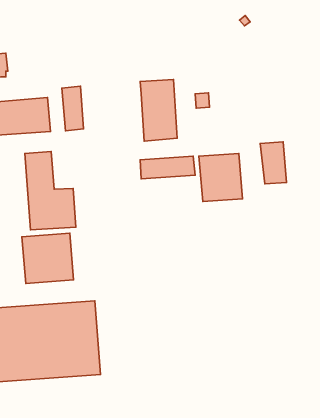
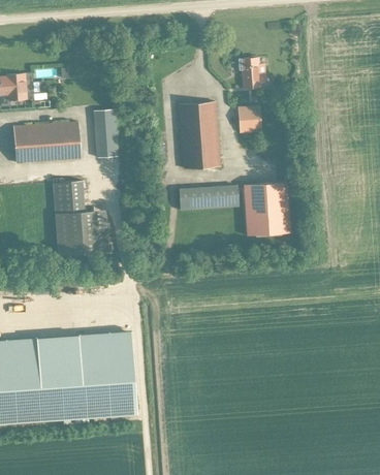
building: none -> [238,54,265,86]
building: [260,142,287,184] -> none
building: [22,233,74,283] -> none

